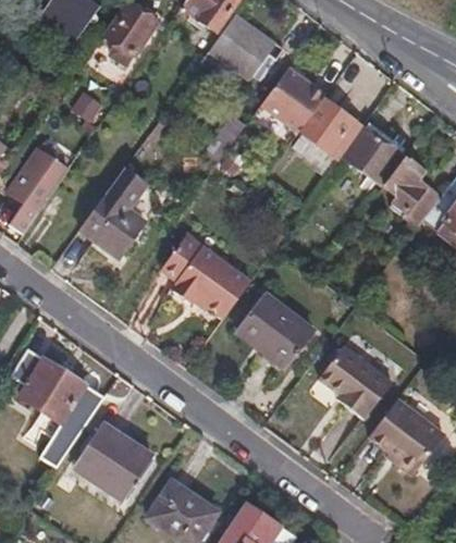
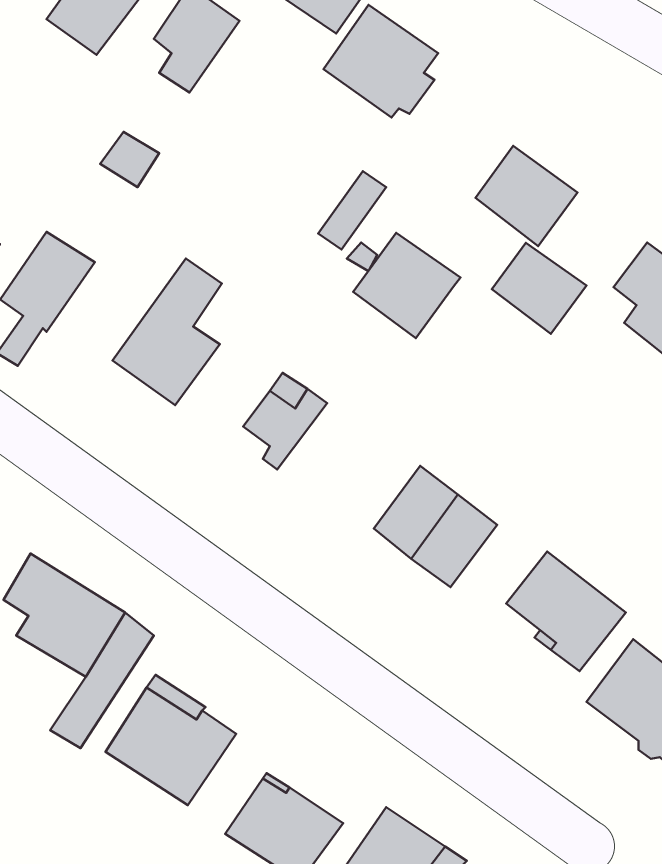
building: [261,66,326,131] -> [353,233,461,338]
building: [341,127,398,183] -> [492,243,587,334]
building: [178,256,249,320] -> none

